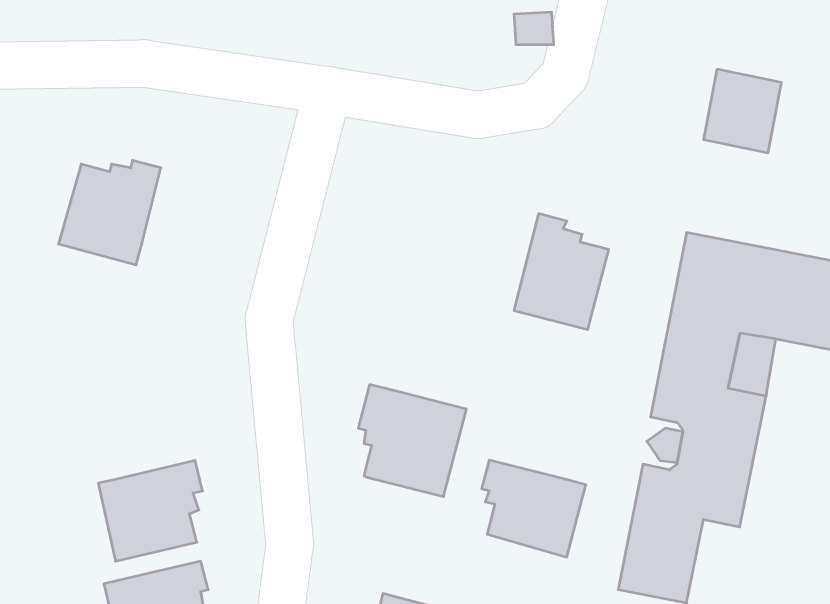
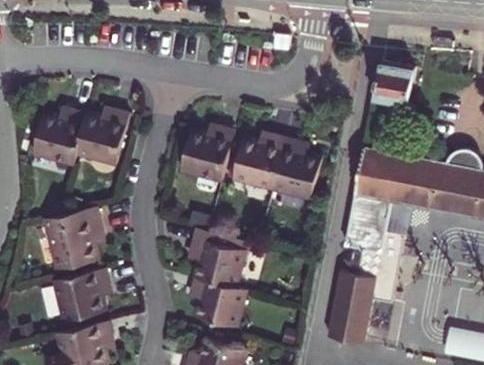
building: none -> [76,111,130,166]
building: none -> [181,127,235,182]
building: none -> [232,135,285,190]
building: none -> [44,207,101,270]
building: [482,460,586,557] -> [191,278,246,329]

